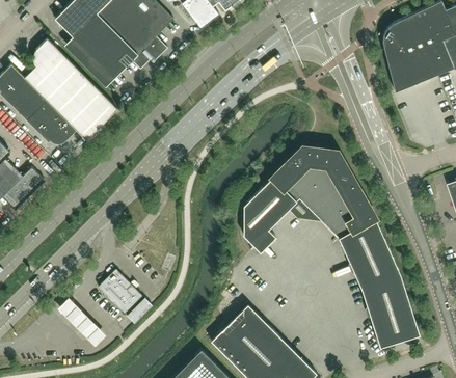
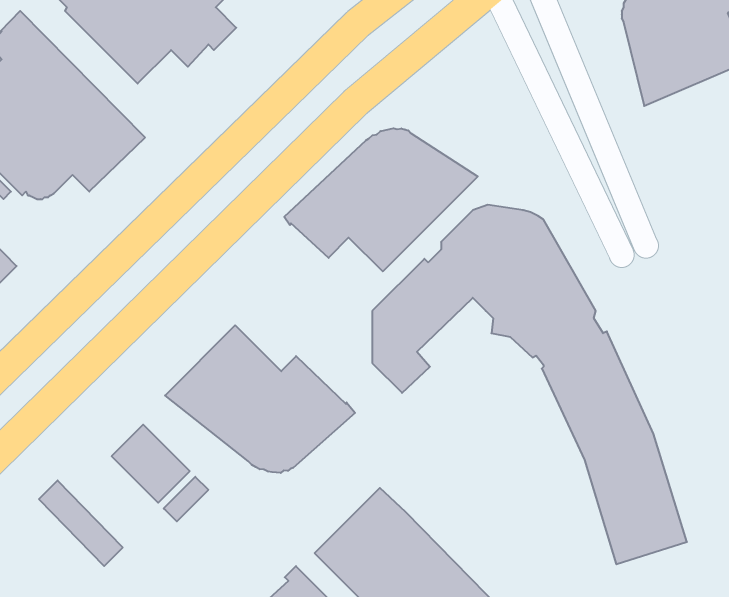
building: none -> [284,128,478,271]
building: none -> [165,325,355,473]

